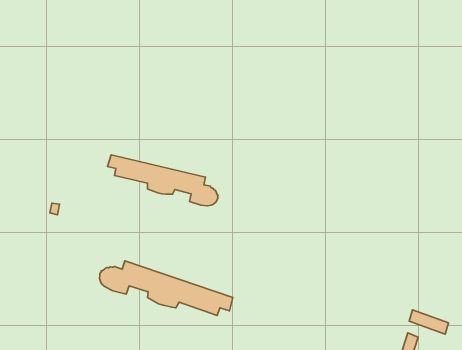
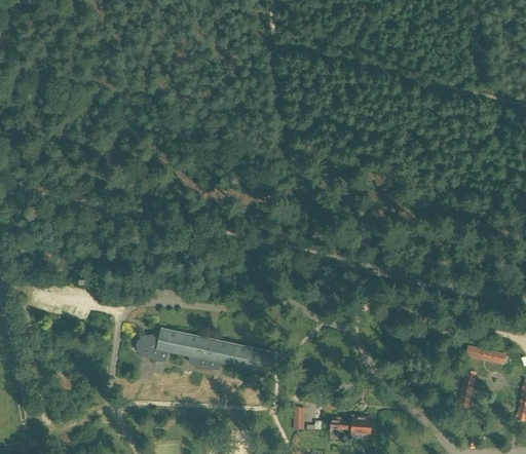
building: [108,155,218,206] -> none

